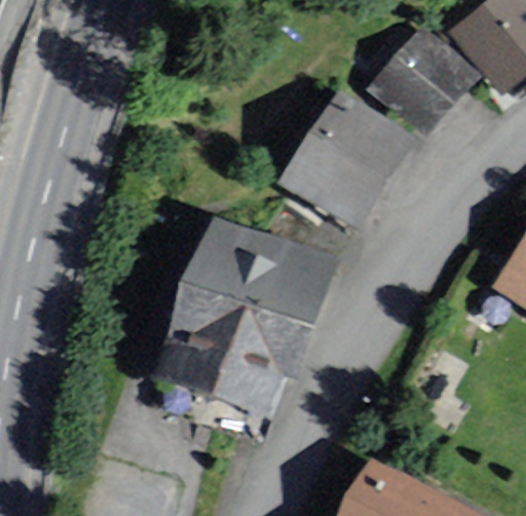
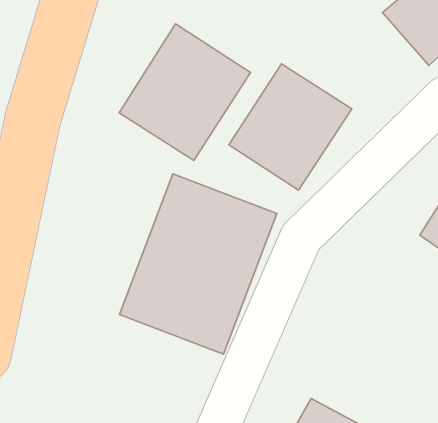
building: [368,23,478,133] -> none
building: none -> [119,24,251,160]

